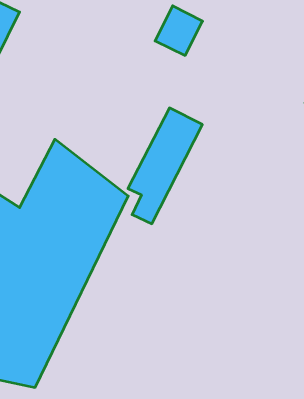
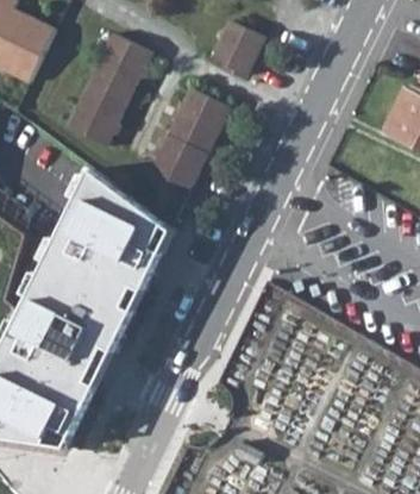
building: none -> [67,26,143,145]
building: [128,108,202,224] -> [145,89,231,223]

